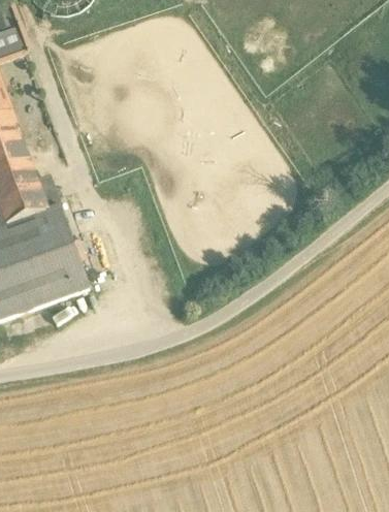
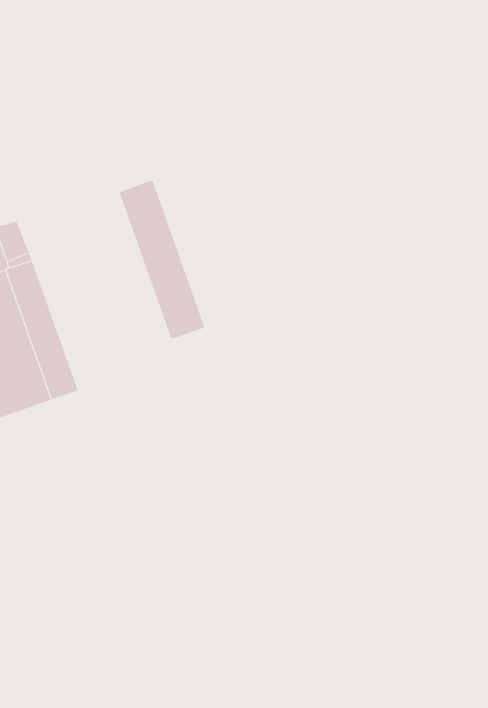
building: none -> [119,180,205,340]

